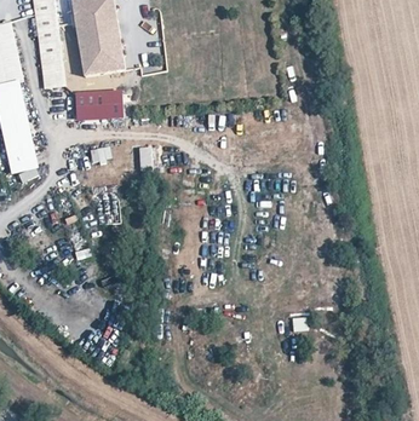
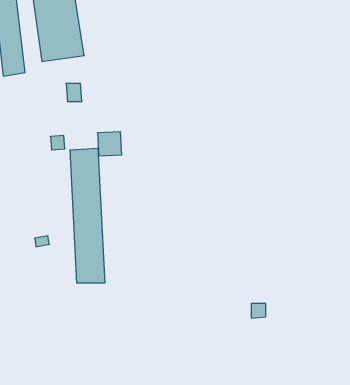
building: [73,96,107,117] -> none
building: none -> [70,148,105,283]

